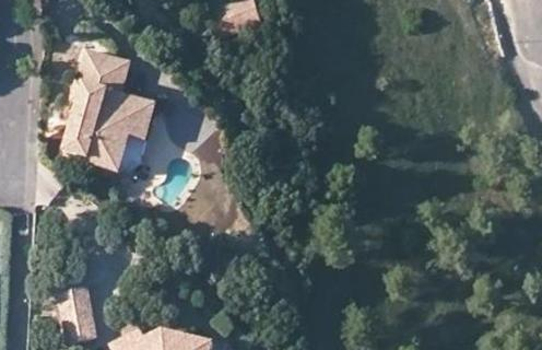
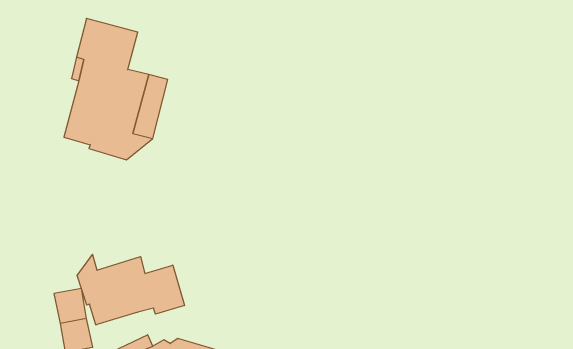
building: none -> [77,254,184,325]

